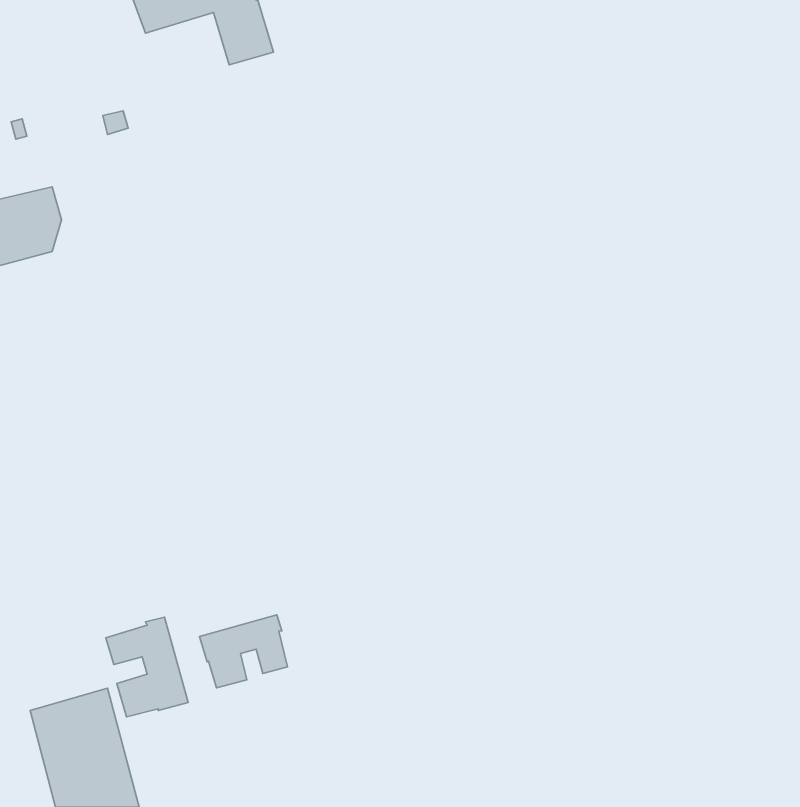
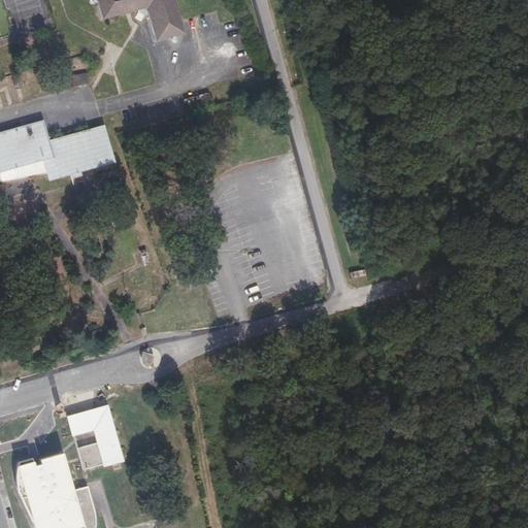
building: none -> [34,126,111,188]
building: [200,615,288,688] -> none

